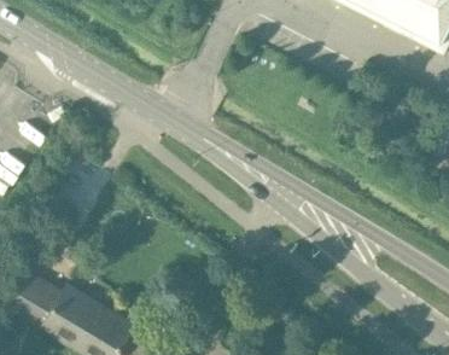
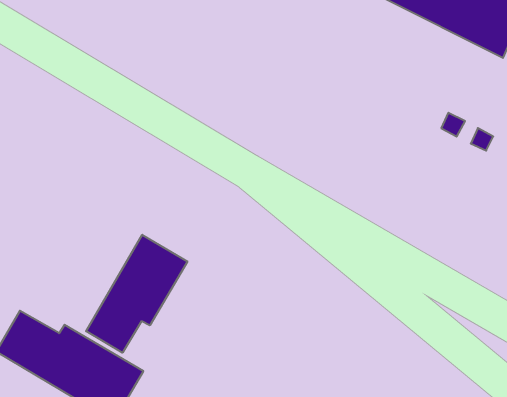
building: none -> [86,235,187,353]

